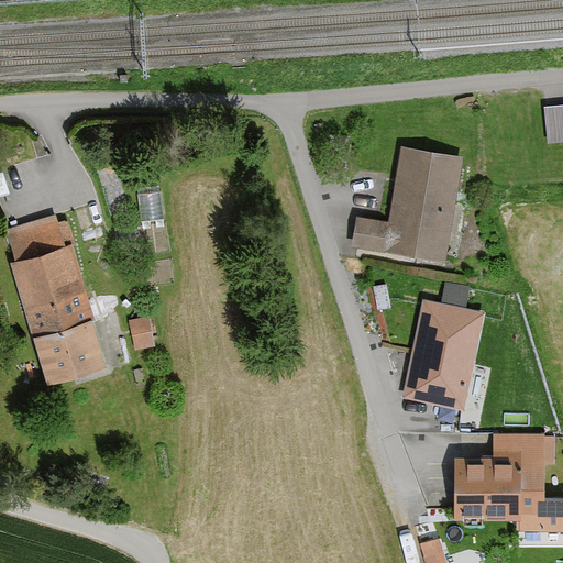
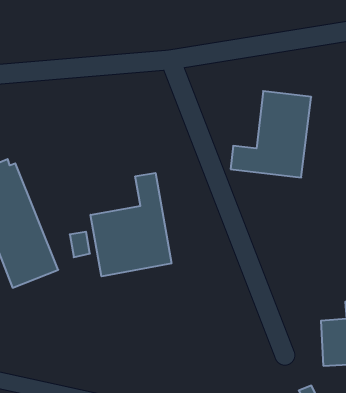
building: none -> [91,173,171,276]
building: [402,300,484,410] -> none

